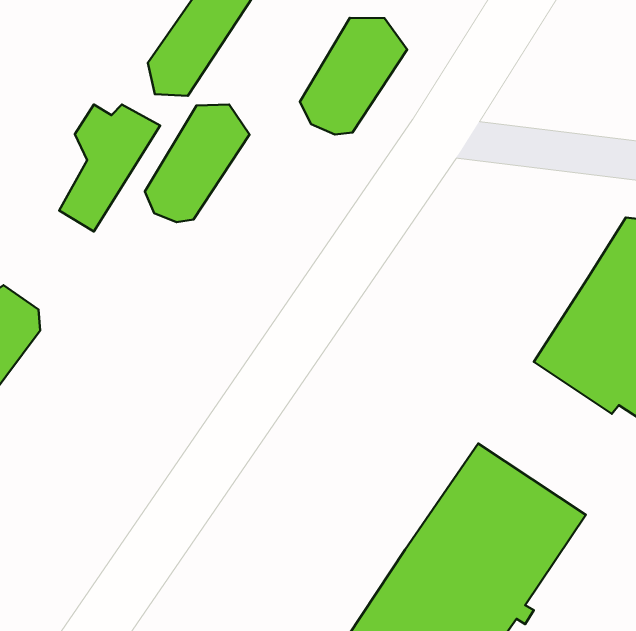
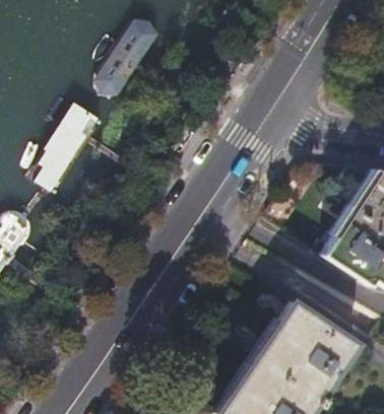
building: [300,18,407,134] -> none
building: [145,104,249,222] -> none

